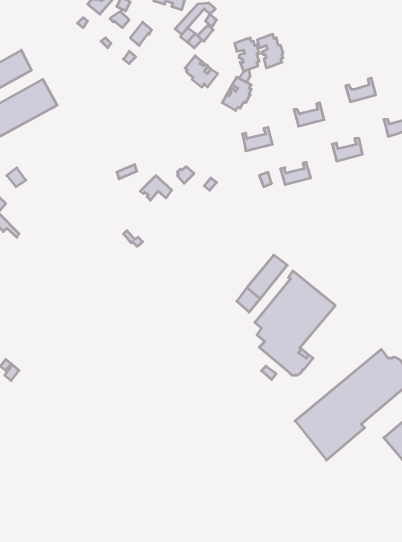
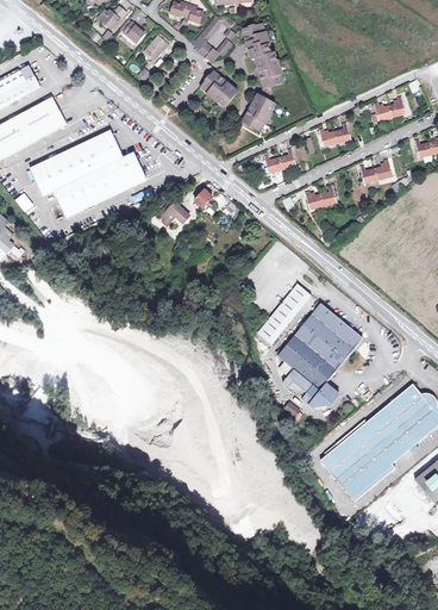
building: [257,34,283,68] -> [242,24,269,60]
building: none -> [30,131,145,217]

